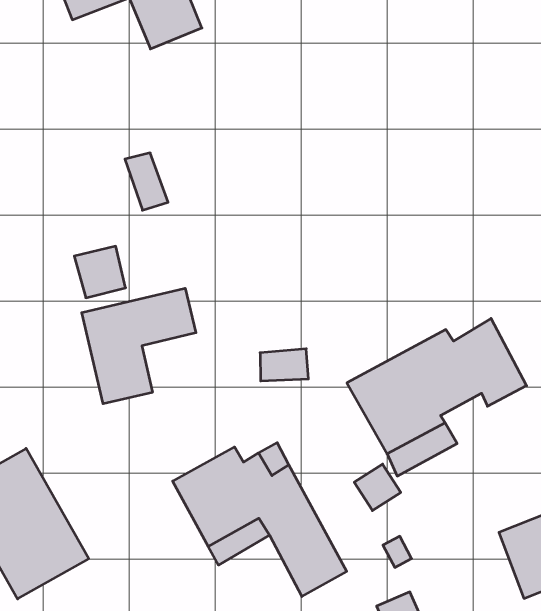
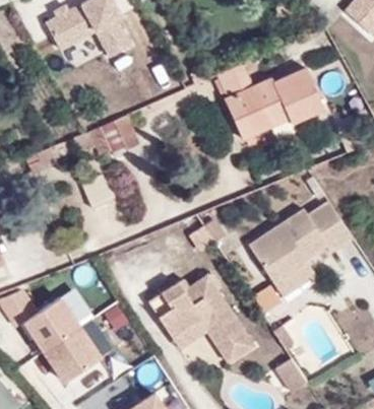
building: none -> [217,62,324,137]
building: [82,288,196,404] -> none

